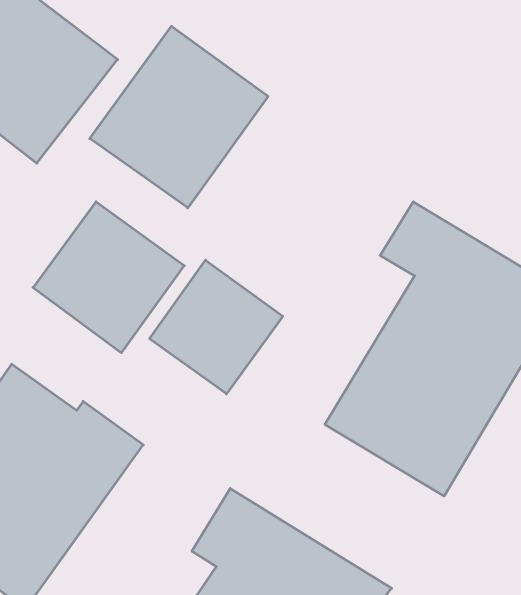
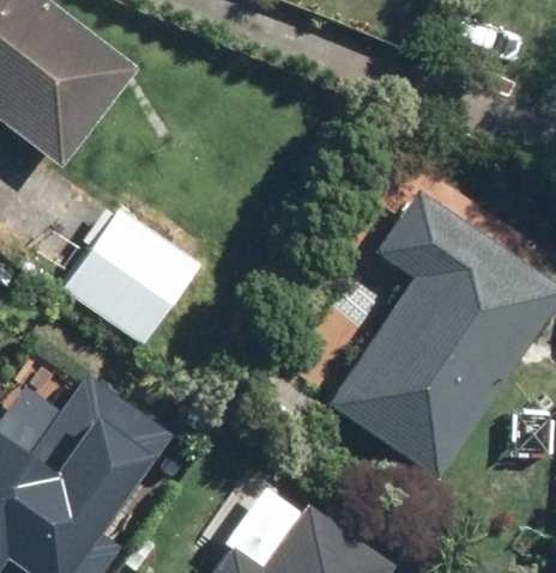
building: [90,26,268,208] -> none
building: [150,260,283,394] -> none

